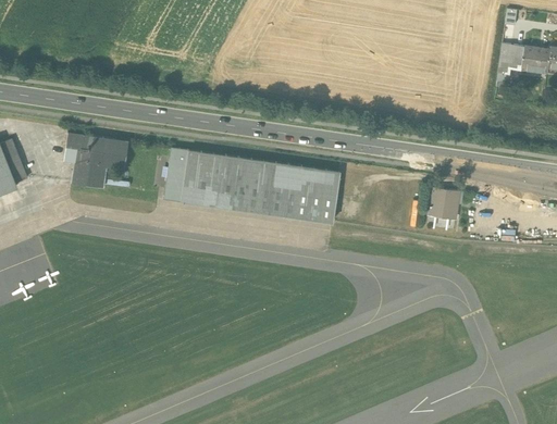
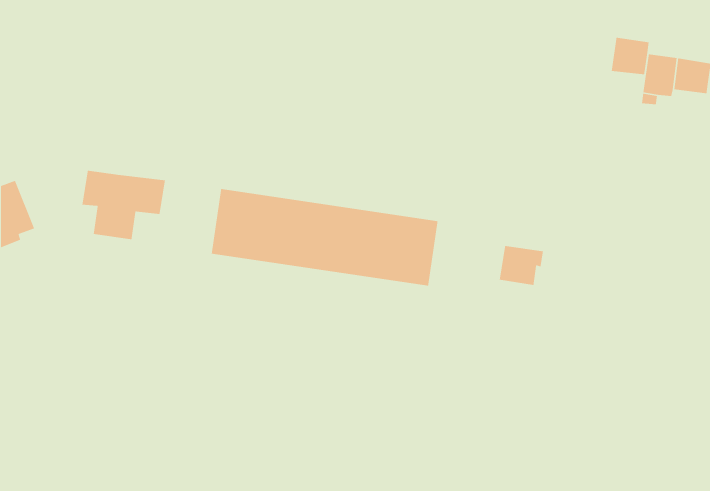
building: none -> [611,37,650,75]
building: [428,188,462,220] -> [499,245,544,286]

